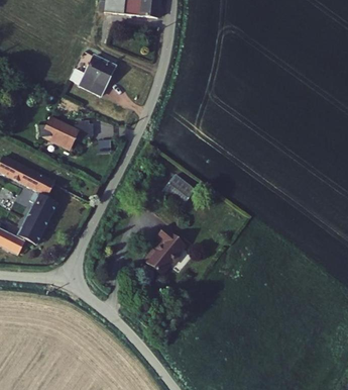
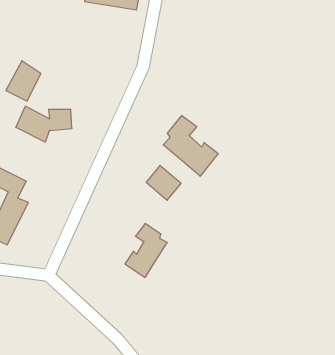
building: [81,59,114,97] -> [6,61,41,101]
building: none -> [163,116,218,176]

